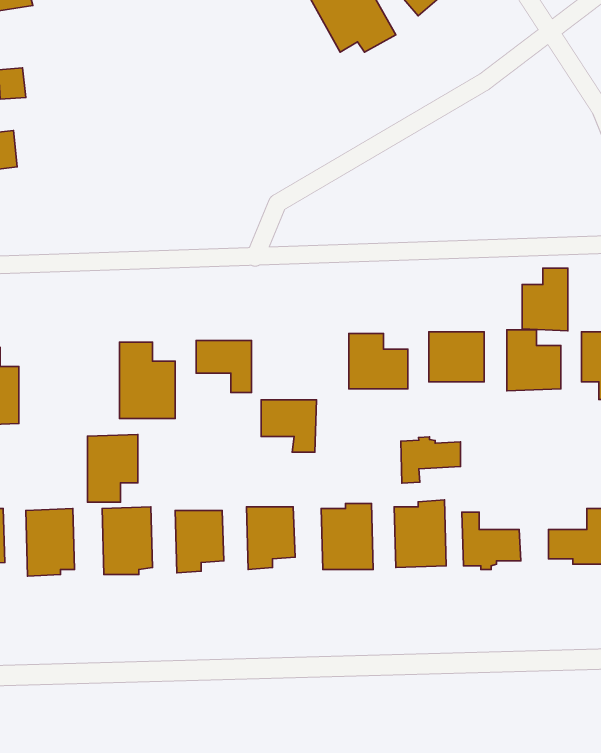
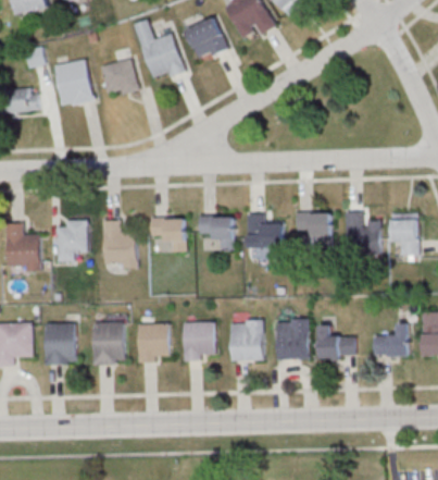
building: none -> [185,15,228,62]
building: none -> [135,17,185,82]
building: none -> [101,57,139,97]
building: none -> [53,58,95,107]
building: [522,268,568,331] -> none
building: [261,400,317,452] -> [200,216,235,248]
building: [87,434,138,502] -> [57,219,88,261]
building: [401,437,460,483] -> none

